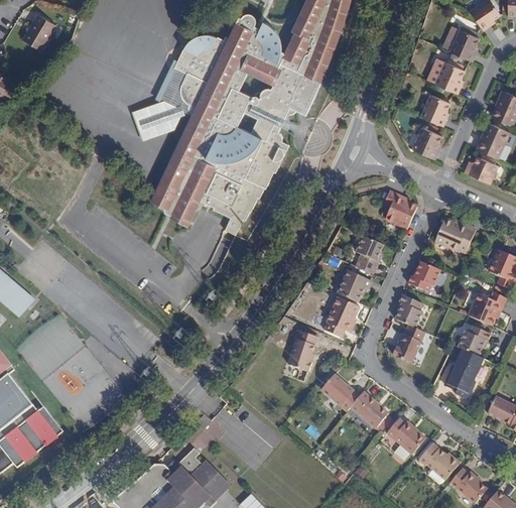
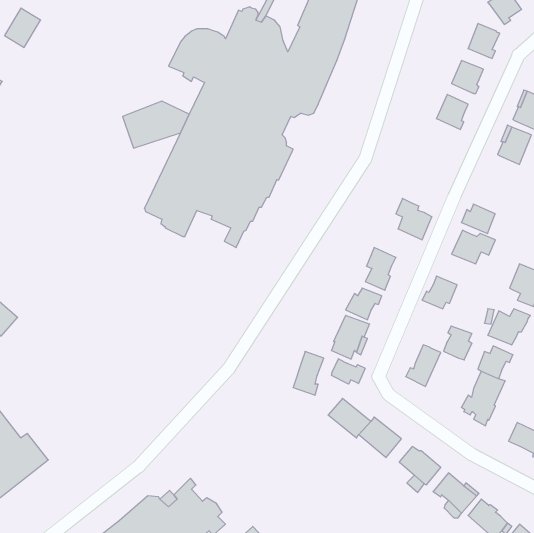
building: [159,68,207,112] -> none
building: [411,126,441,158] -> none
building: [466,156,497,183] -> [461,204,495,234]
building: [395,295,421,327] -> [444,326,472,360]
building: none -> [332,359,365,384]

